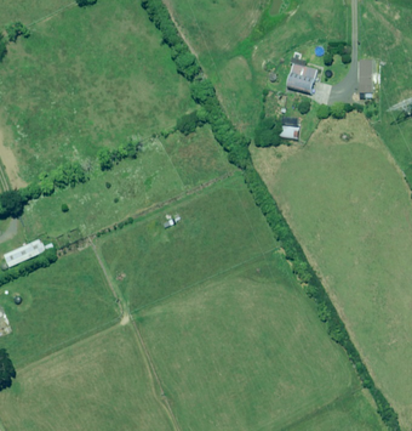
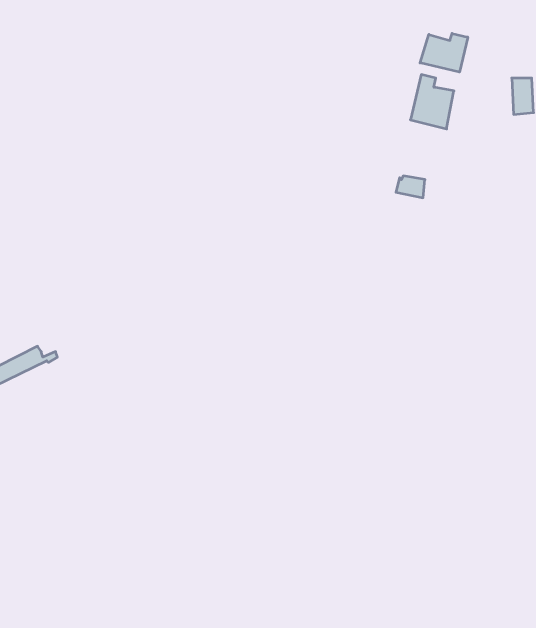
building: none -> [420,33,468,72]

